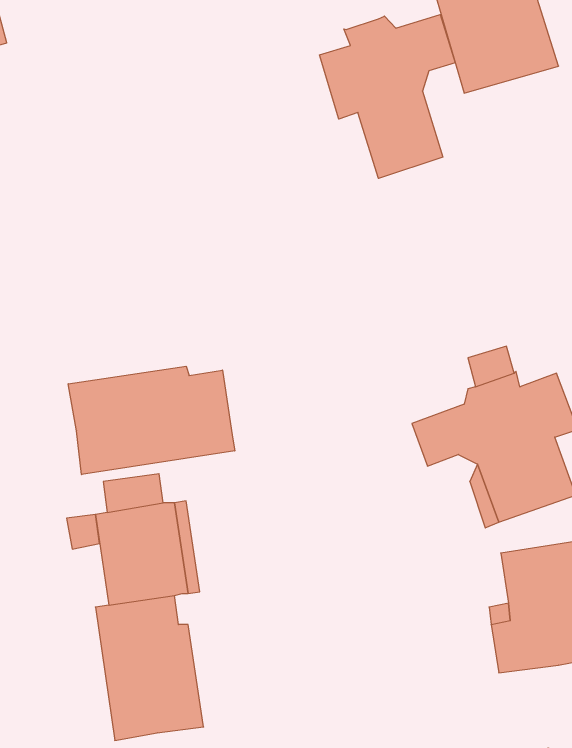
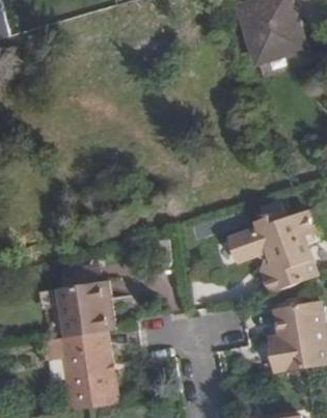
building: [319,15,455,178] -> none
building: [68,366,235,475] -> none

